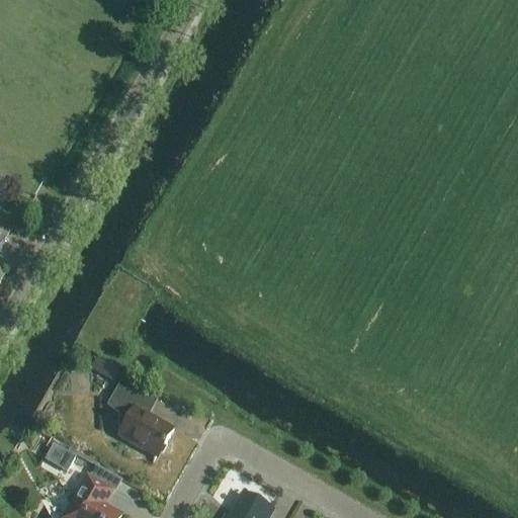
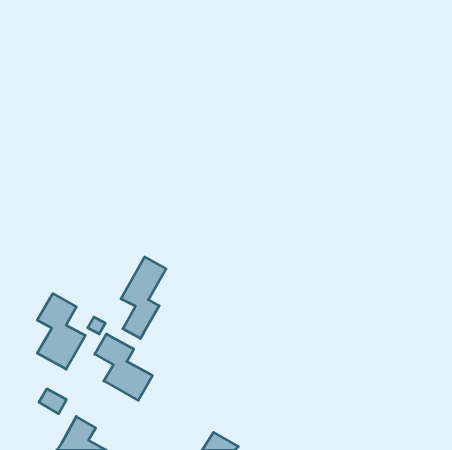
building: none -> [121,257,166,339]
building: none -> [37,294,85,369]

